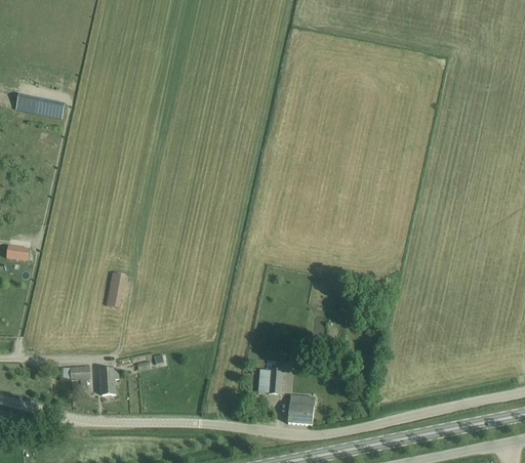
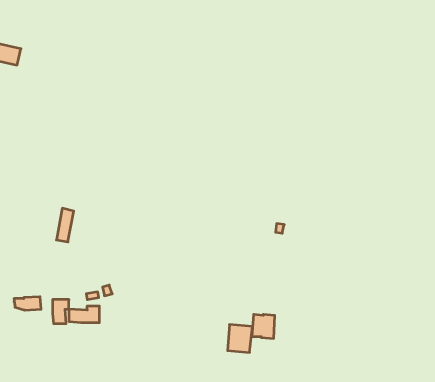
building: [257,369,282,394] -> [252,314,275,338]
building: none -> [69,306,99,323]

